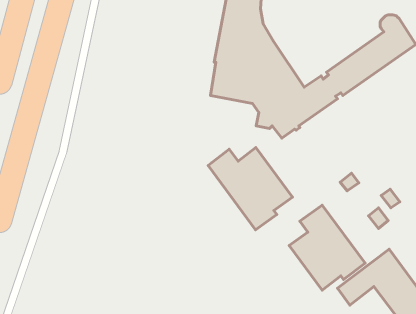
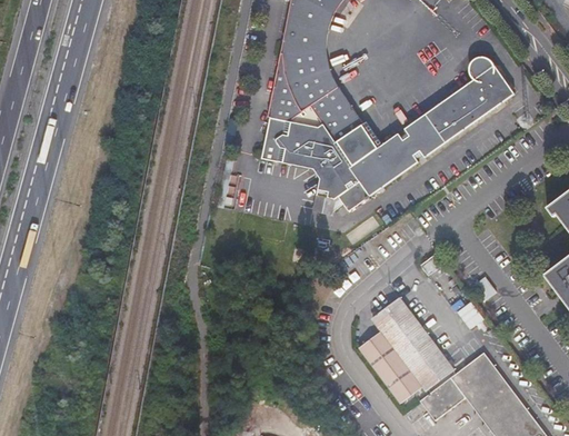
building: [208,148,292,230] -> none

